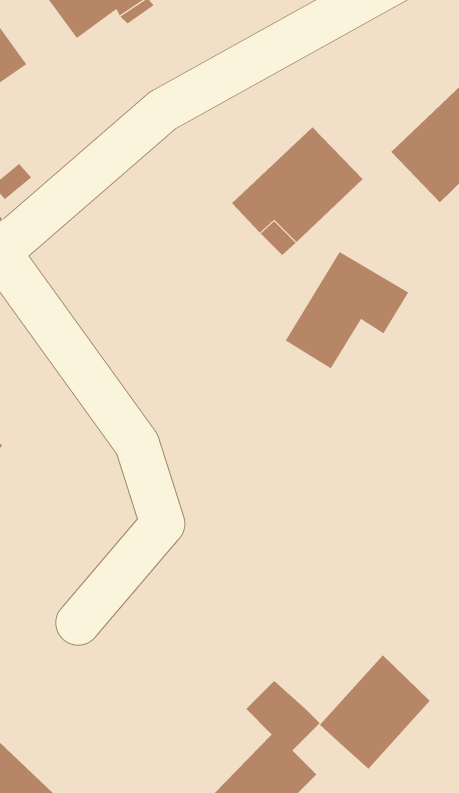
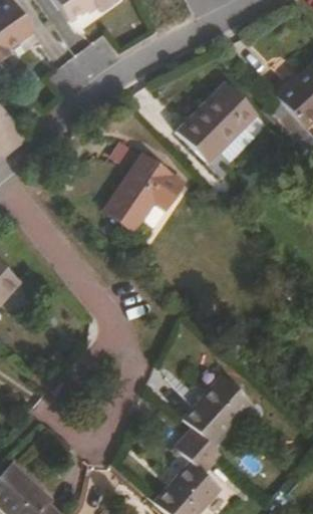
building: [285,251,409,369] -> [99,152,178,226]
building: [319,655,431,770] -> [185,374,255,447]

